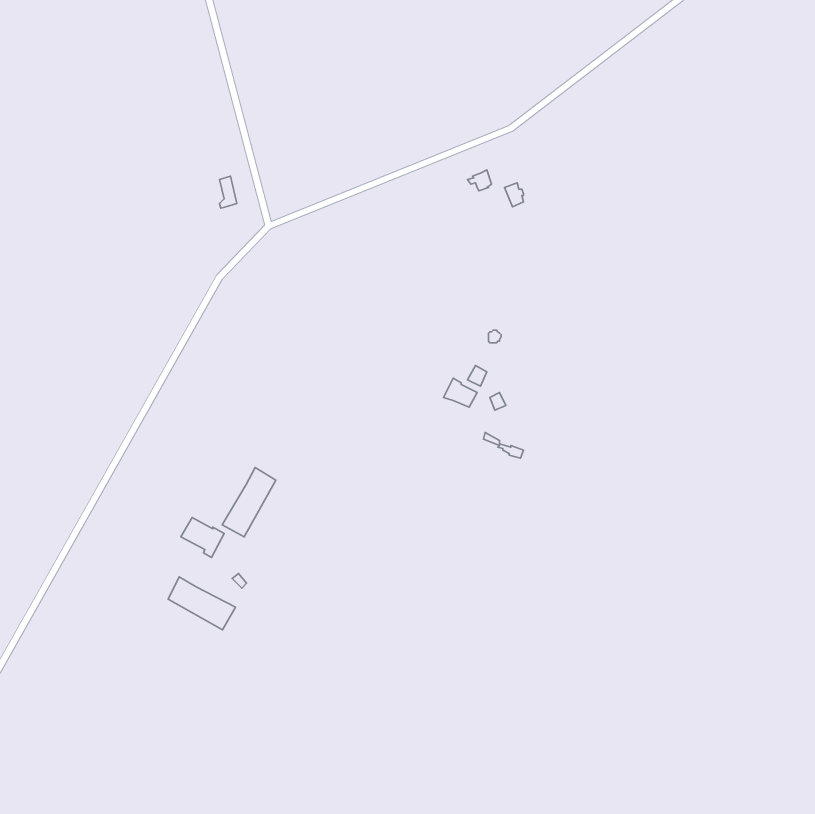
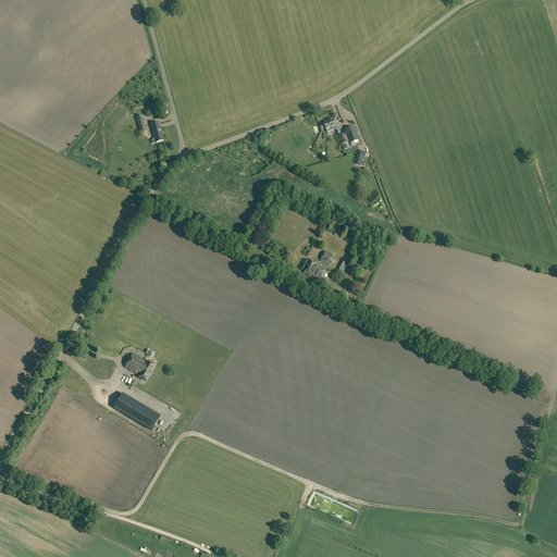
building: [222,467,276,537] -> none

